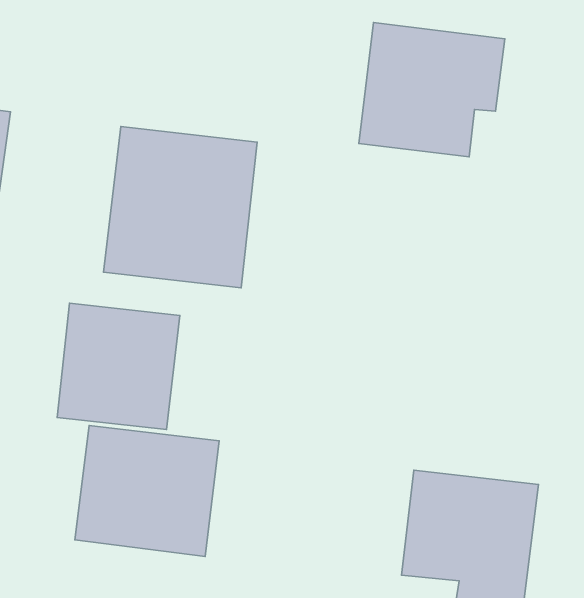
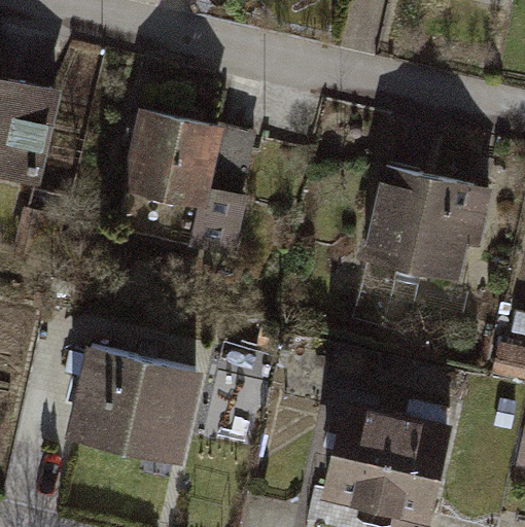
building: [359,23,505,157] -> [366,167,491,281]
building: [57,303,180,430] -> none

